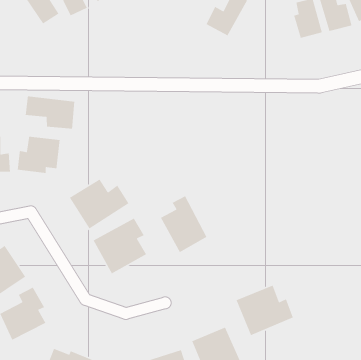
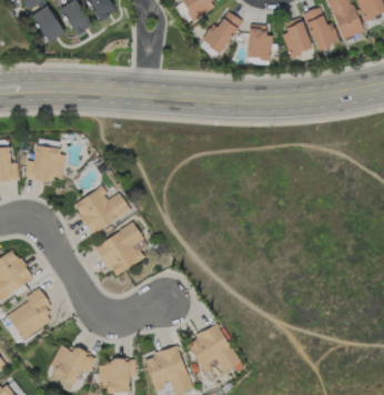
building: none -> [247,24,271,59]
building: [25,95,75,130] -> none
building: [160,195,208,253] -> none
building: [235,285,294,336] -> none

